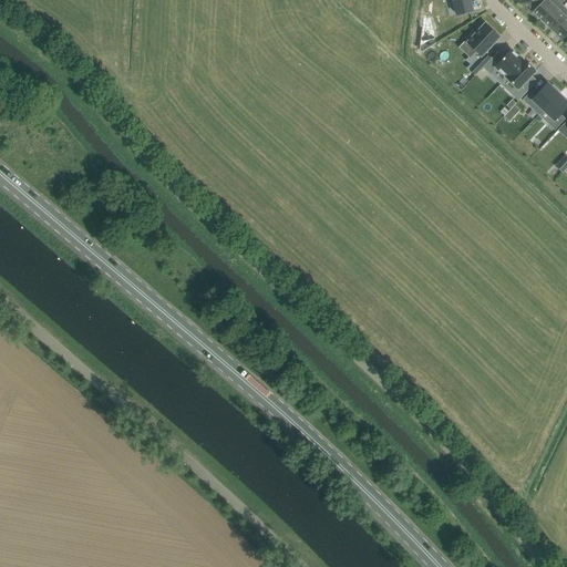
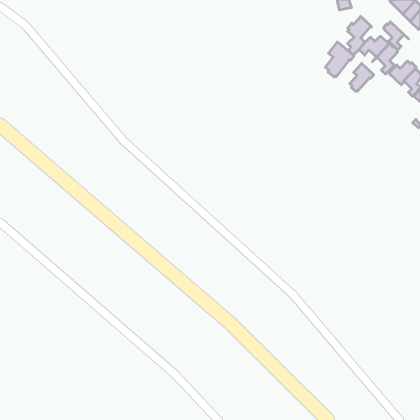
building: none -> [384,22,409,50]
building: none -> [325,42,354,77]
building: none -> [350,63,374,91]

